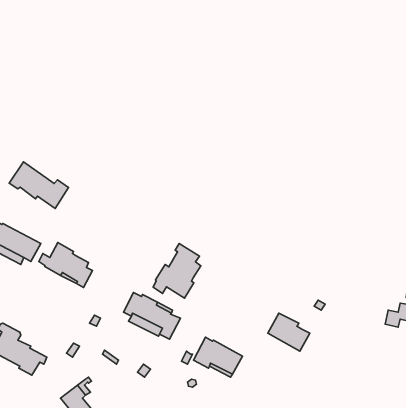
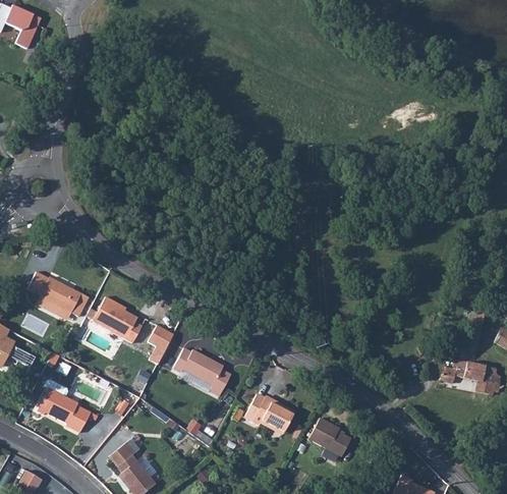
building: [9,162,68,208] -> none
building: [153,243,201,298] -> none
building: none -> [148,325,173,364]
building: [268,313,310,351] -> [308,418,351,456]

